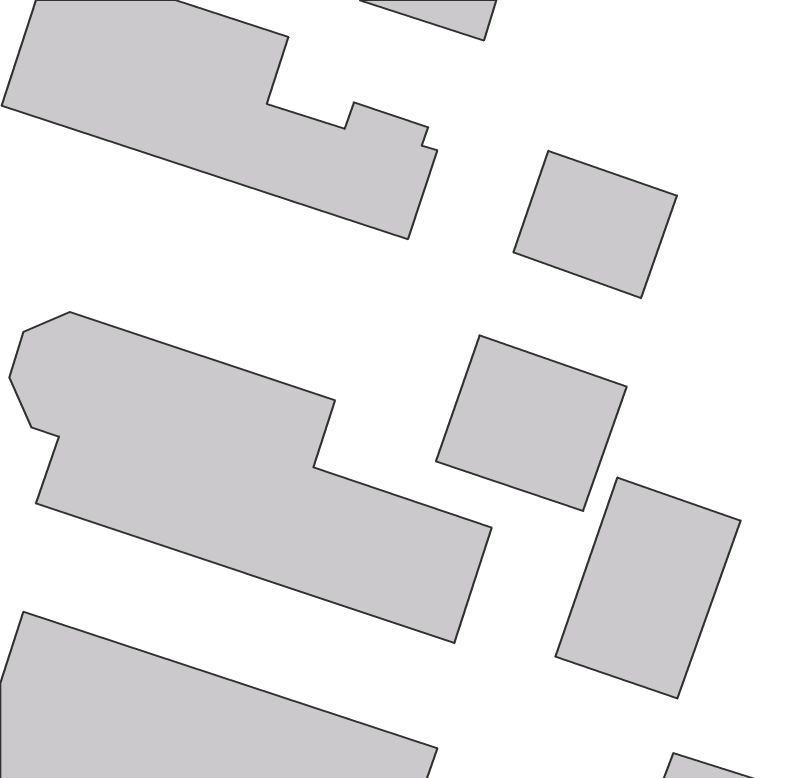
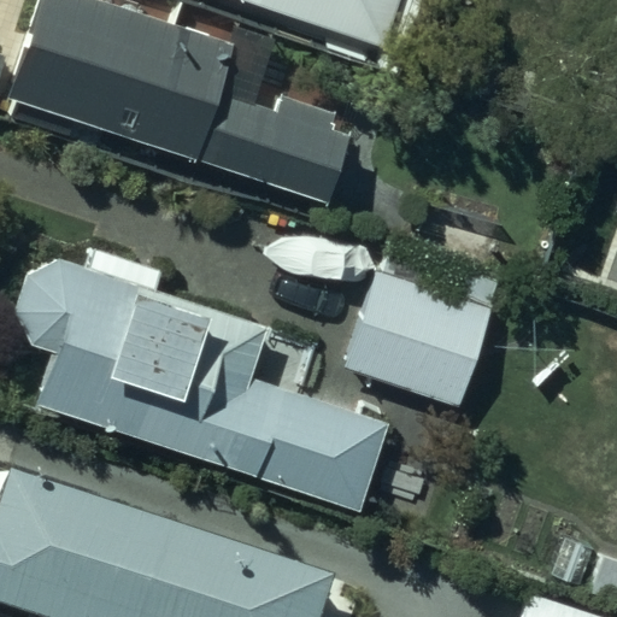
building: [514,151,677,298] -> none
building: [555,477,741,699] -> none

